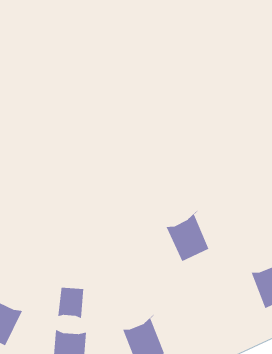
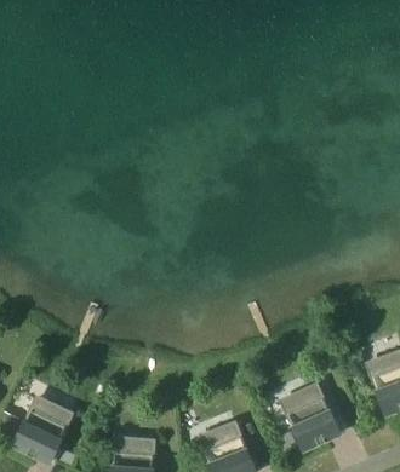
building: [160,210,210,262] -> [275,380,339,448]
building: [54,287,85,321] -> none

